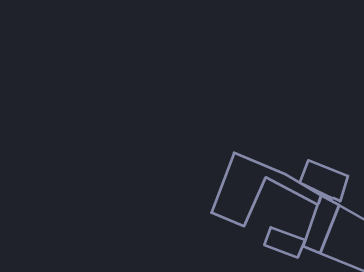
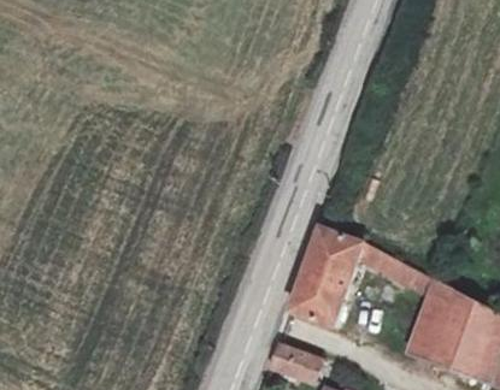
building: [300,160,348,201] -> none
building: [264,227,305,257] -> [267,336,322,376]

